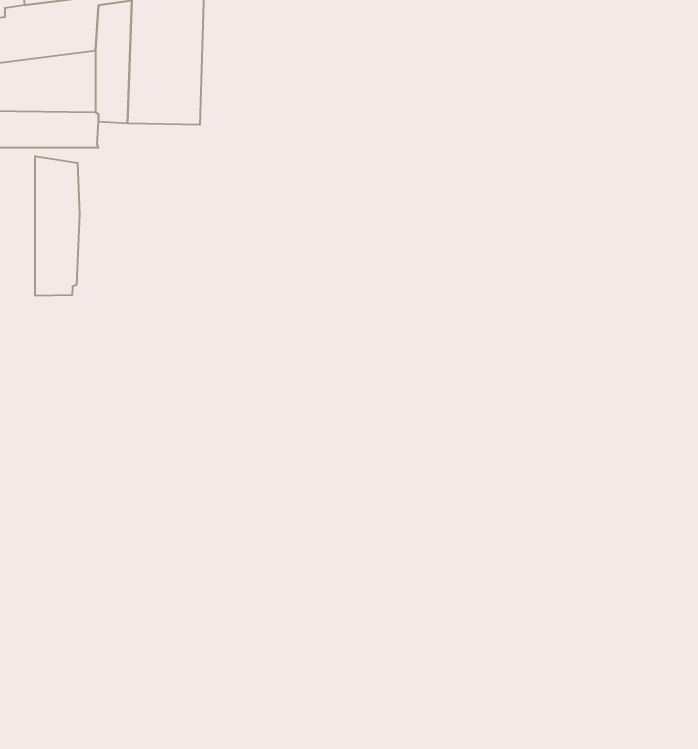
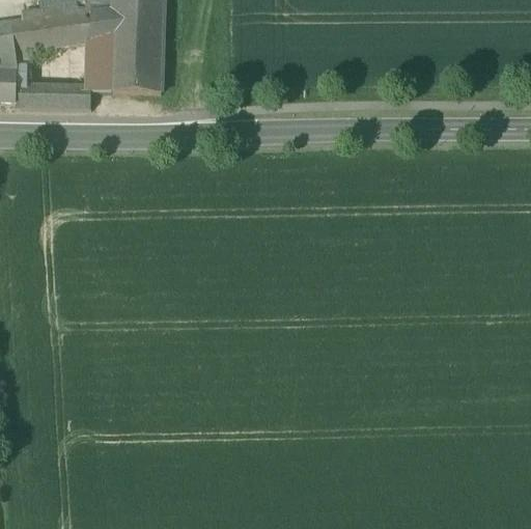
building: [35,156,79,296] -> none

